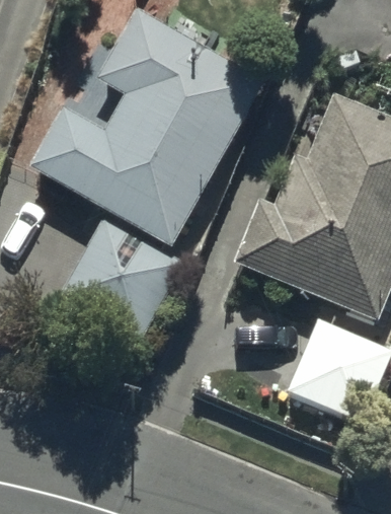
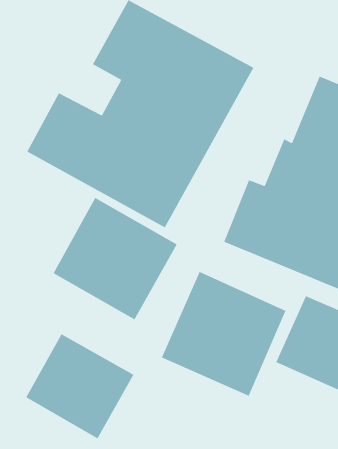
building: none -> [161,271,287,397]
building: none -> [25,333,134,439]

